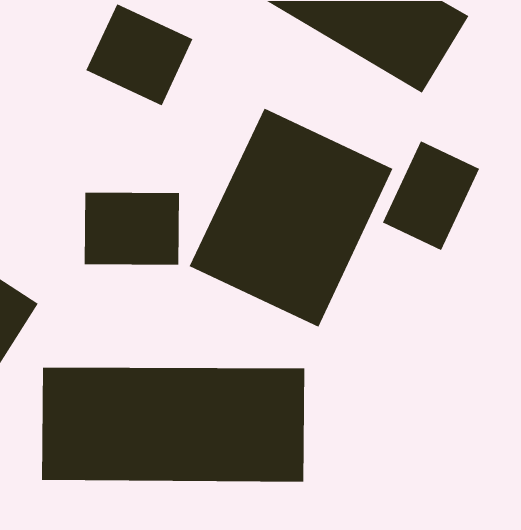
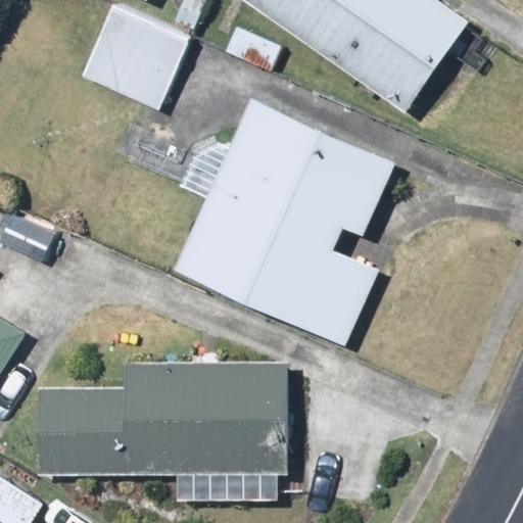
building: [382,140,480,251] -> none
building: [84,192,180,265] -> none

